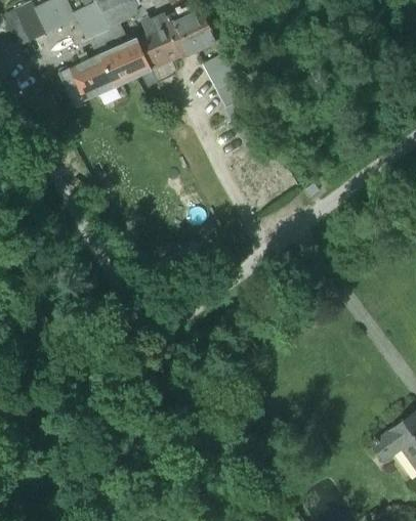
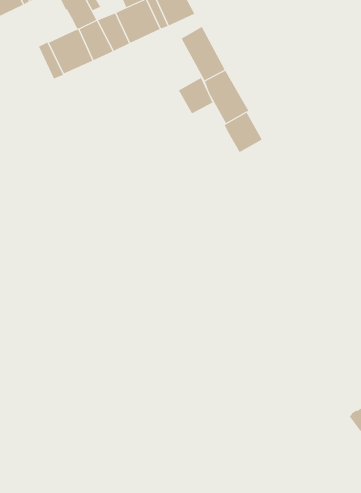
building: none -> [178,77,213,114]
building: none -> [224,112,263,153]

